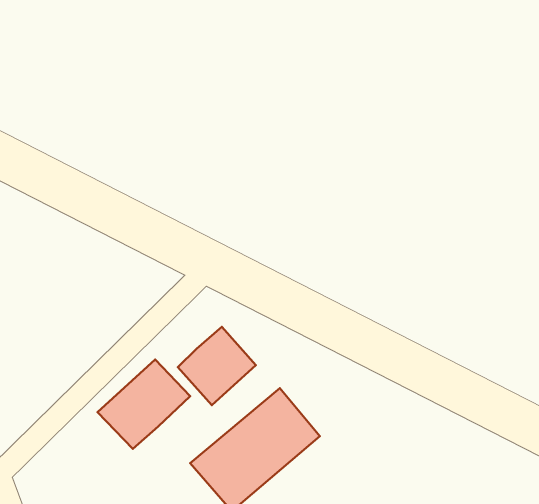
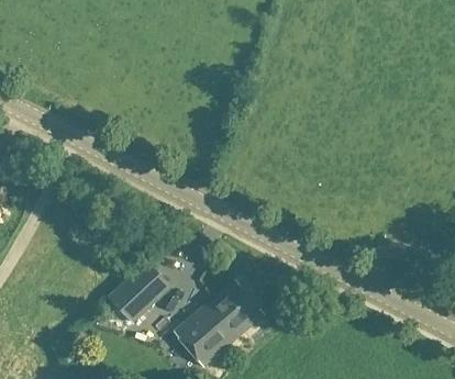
building: [178,327,256,405] -> none

